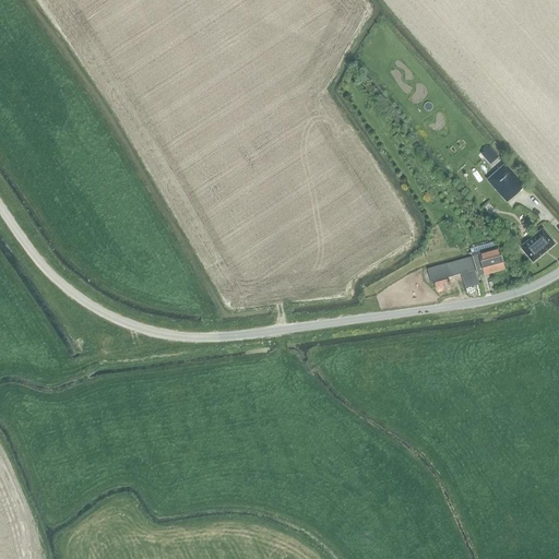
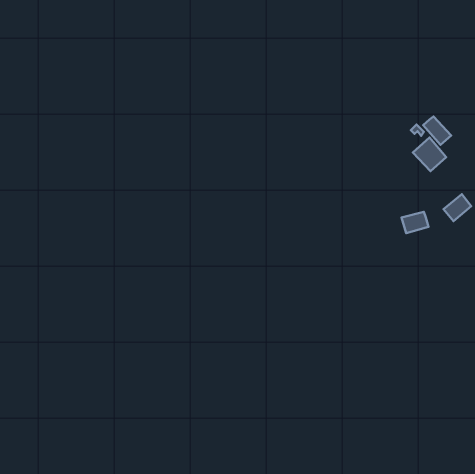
building: none -> [423,116,451,145]
building: [427,255,479,287] -> none

